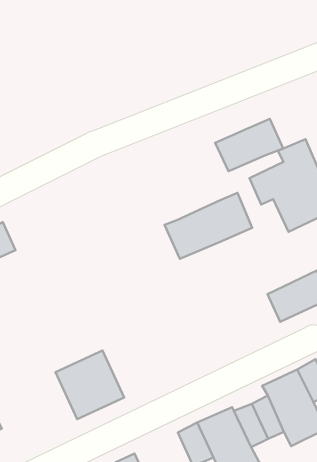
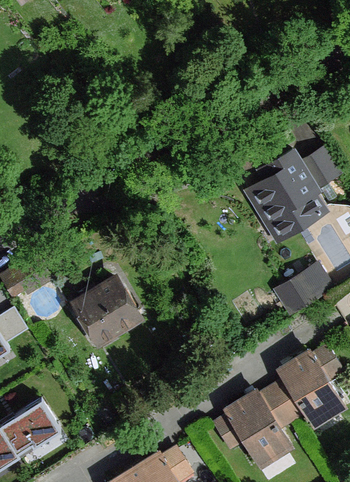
building: [215,119,283,171] -> none
building: [164,193,252,259] -> none
building: [56,350,124,419] -> [74,278,137,341]

